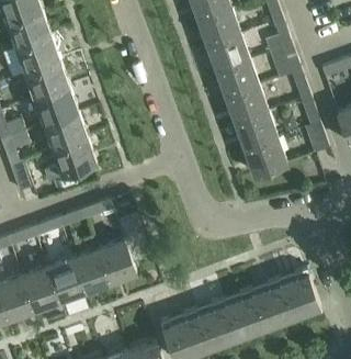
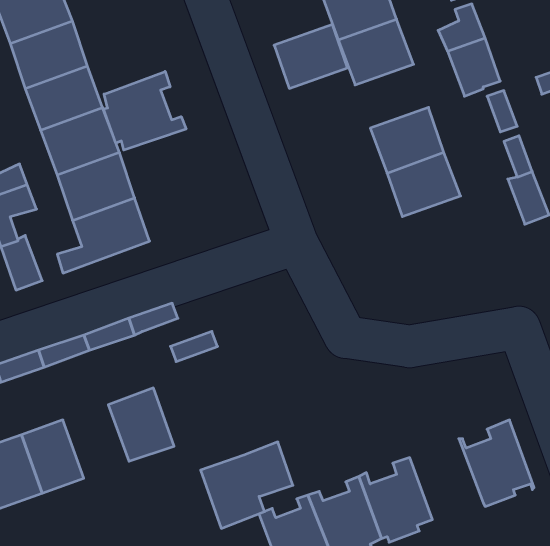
building: [216,61,259,99] -> [274,24,348,88]
building: none -> [104,71,186,150]
building: [244,138,286,177] -> none
building: [99,234,152,284] -> [201,442,293,528]
building: [46,260,84,303] -> none
building: [248,280,291,329] -> none

